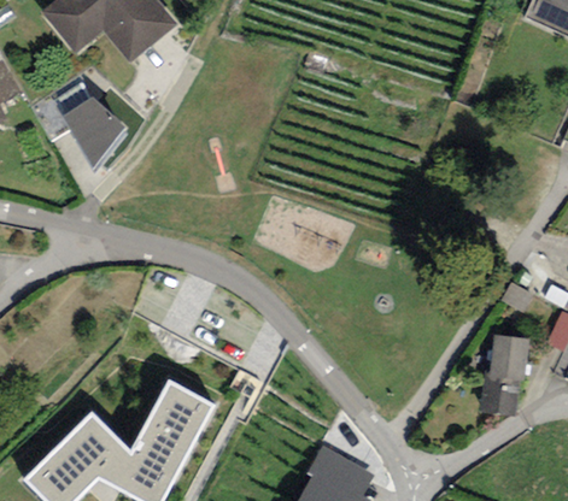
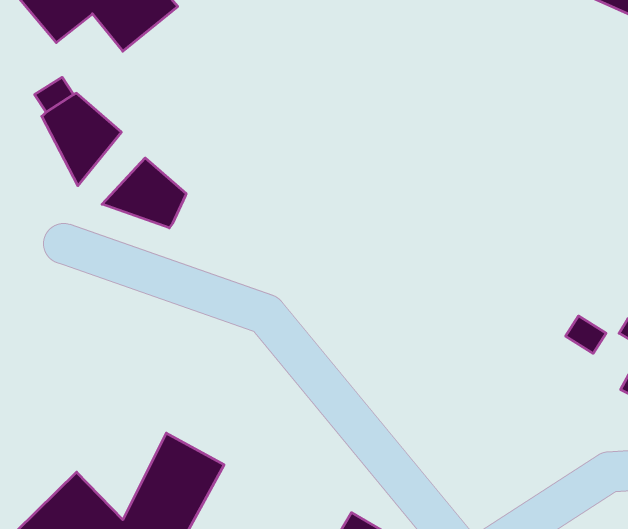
building: none -> [102,158,186,228]
building: [479,334,528,415] -> none

